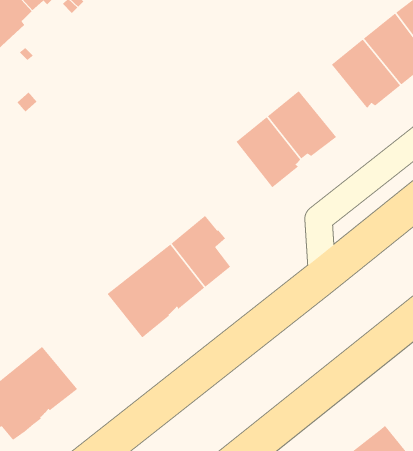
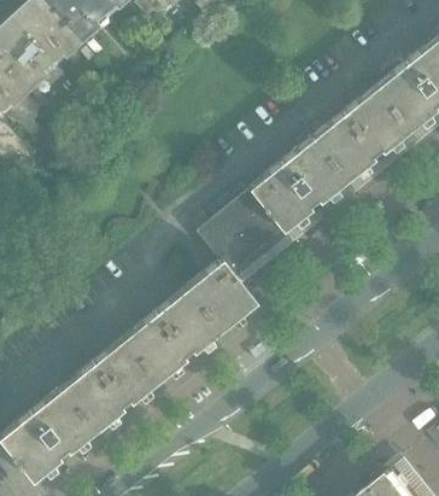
building: none -> [314,115,380,186]
building: none -> [199,191,288,276]
building: none -> [63,339,160,432]

